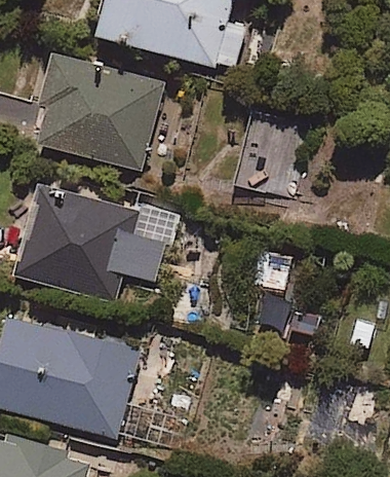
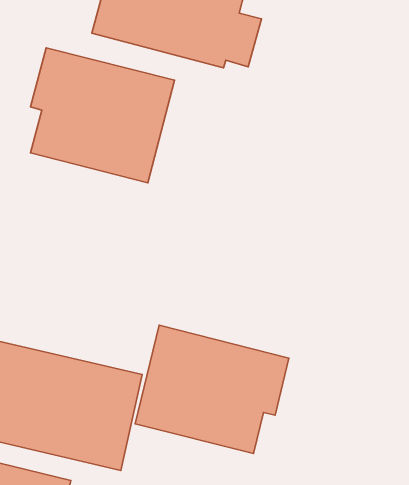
building: [13,181,164,300] -> none
building: none -> [135,325,289,454]

